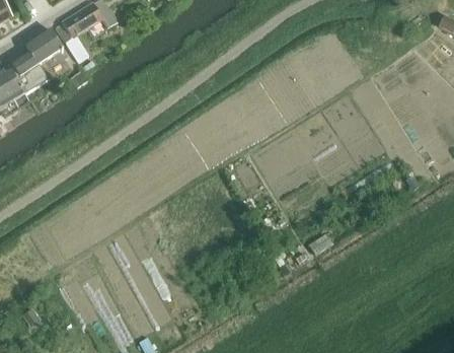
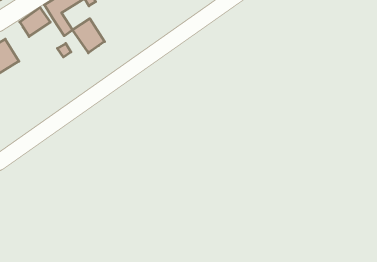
building: none -> [73,19,105,53]
building: [9,52,49,92] -> none

